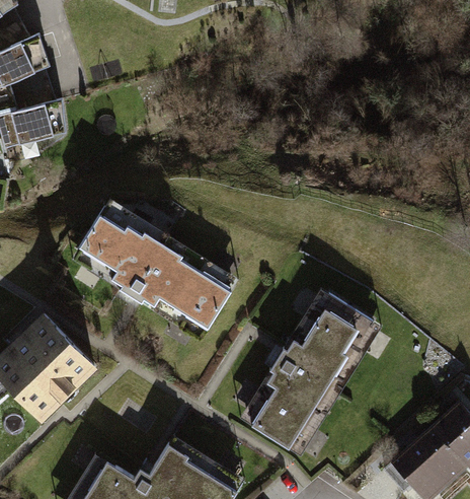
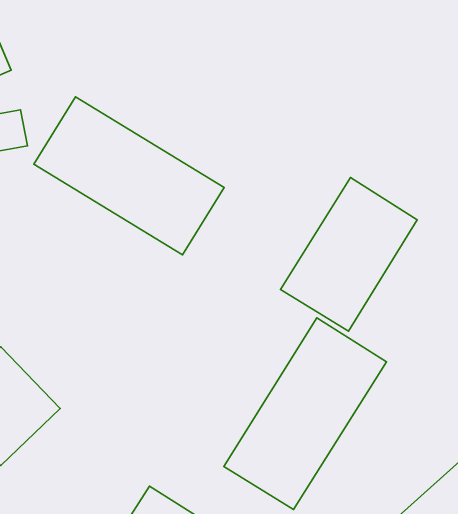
building: none -> [281,178,417,331]
building: [70,200,236,338] -> [34,97,224,255]

